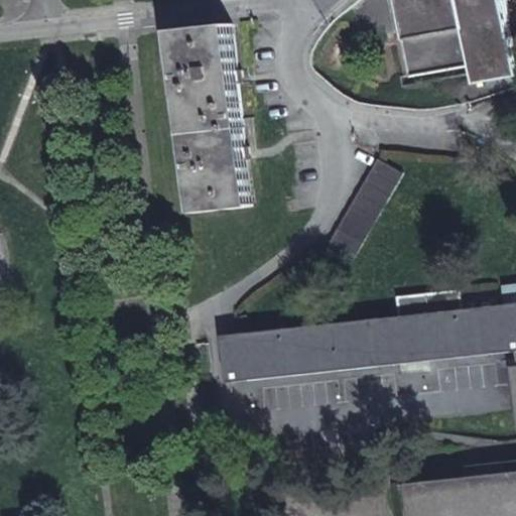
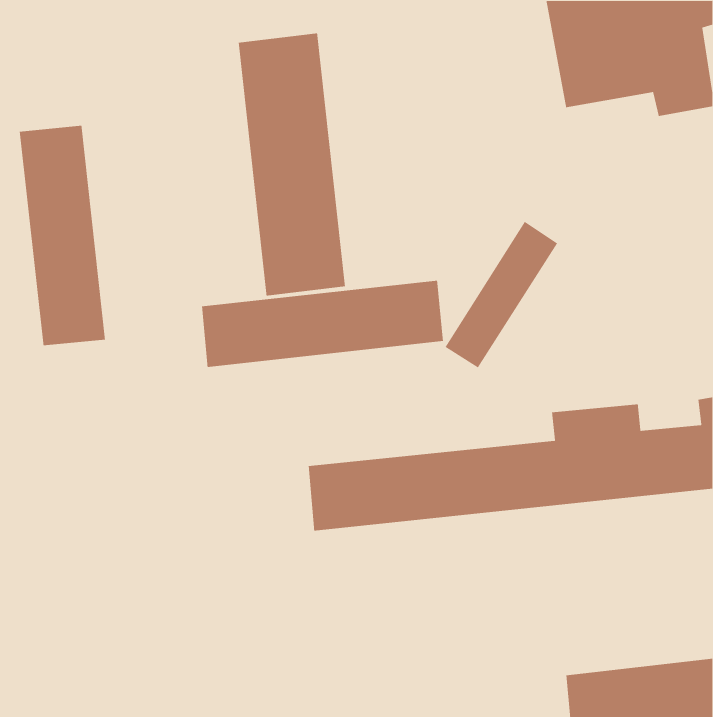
building: none -> [19,125,106,346]
building: none -> [201,280,444,368]

